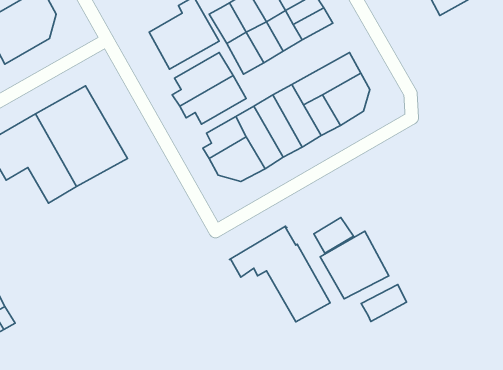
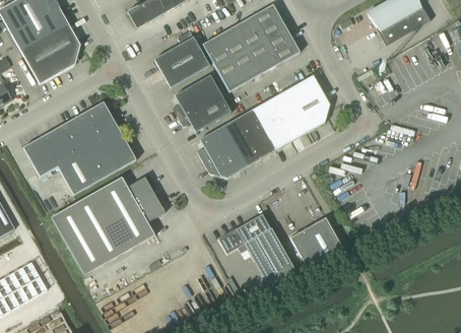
building: none -> [51,176,164,274]
building: [314,217,354,253] -> none
building: [361,285,407,321] -> none

